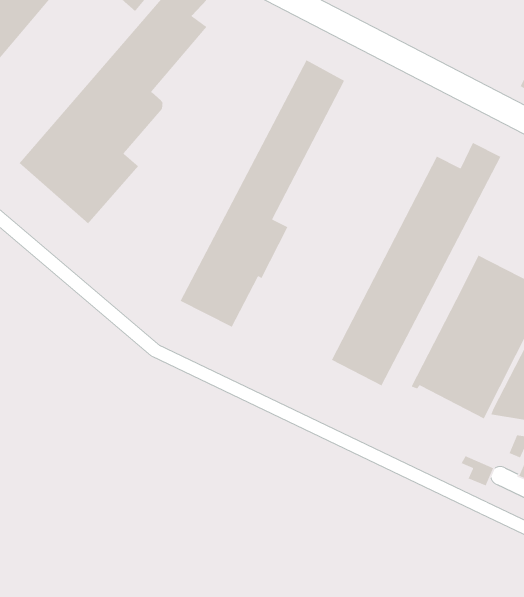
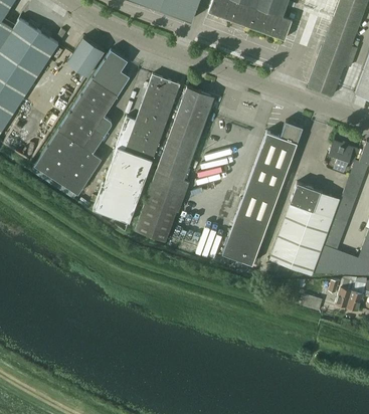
building: none -> [94,75,179,222]

